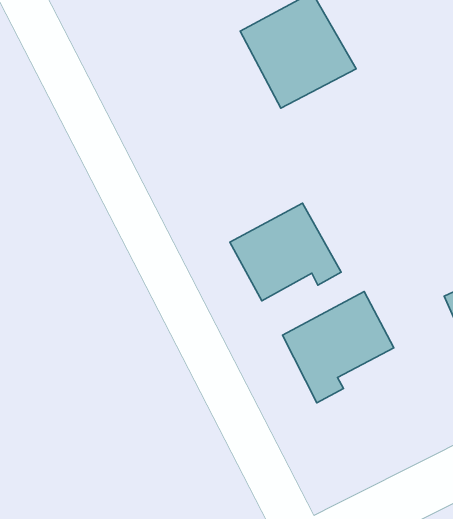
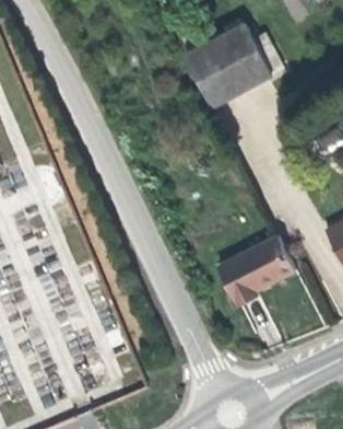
building: [230,203,341,301] -> none

